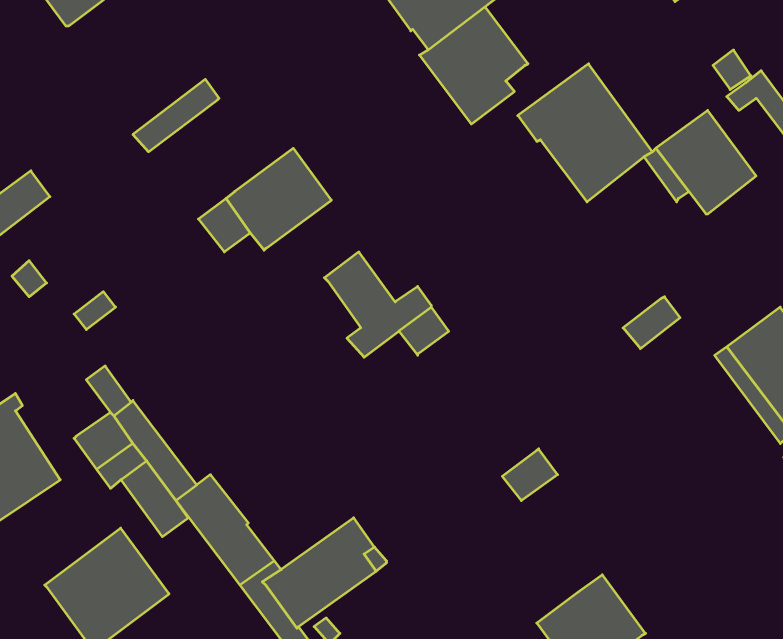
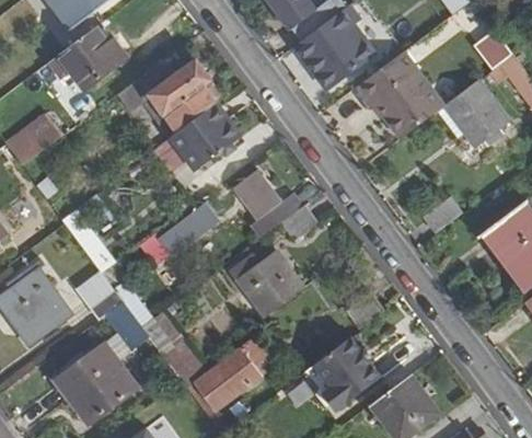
building: none -> [45,25,126,93]
building: none -> [150,60,215,131]
building: none -> [160,204,218,254]
building: none -> [230,250,305,319]
building: none -> [313,336,381,411]

